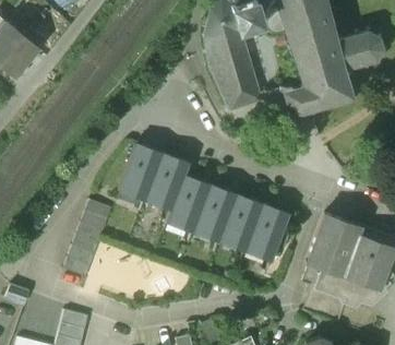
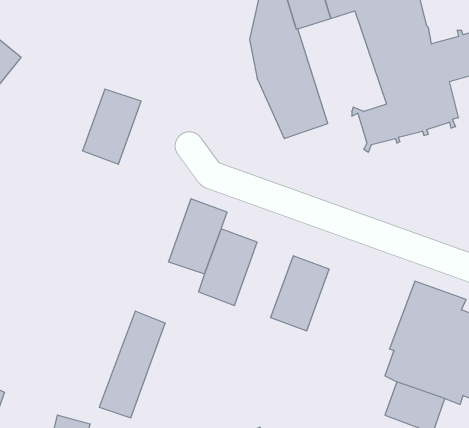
building: [120,144,163,199] -> [82,89,141,164]
building: [194,185,237,239] -> none
building: [64,199,112,276] -> [99,311,165,418]
building: [247,204,289,259] -> none

